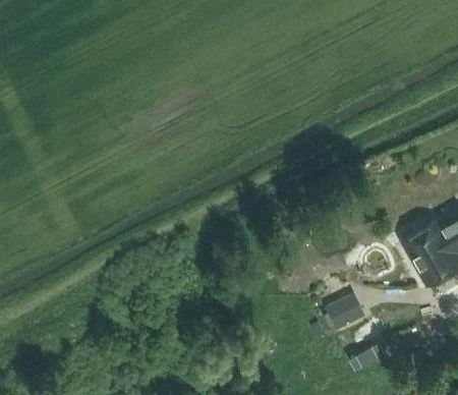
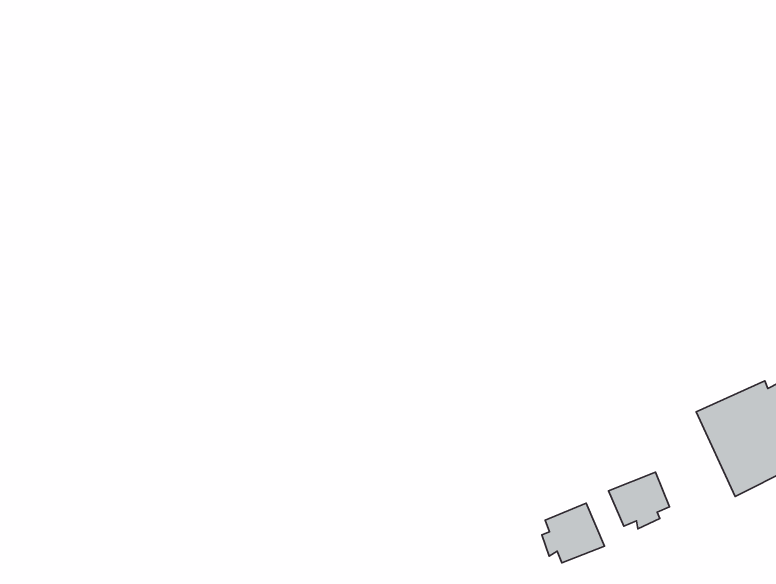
building: none -> [608,472,670,529]

